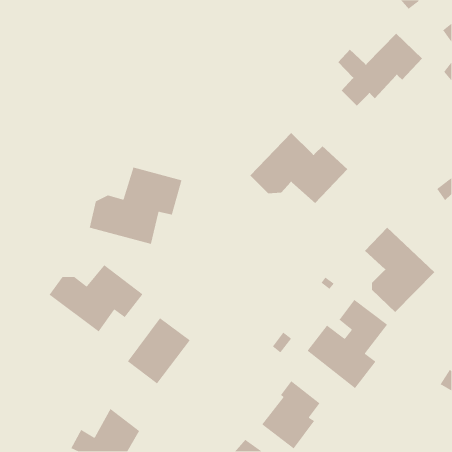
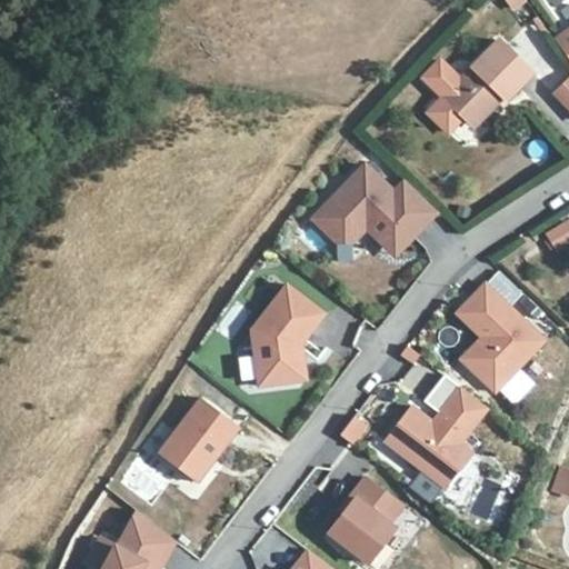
building: [89,166,183,245] -> none
building: none -> [250,284,323,387]
building: [49,264,144,333] -> none

